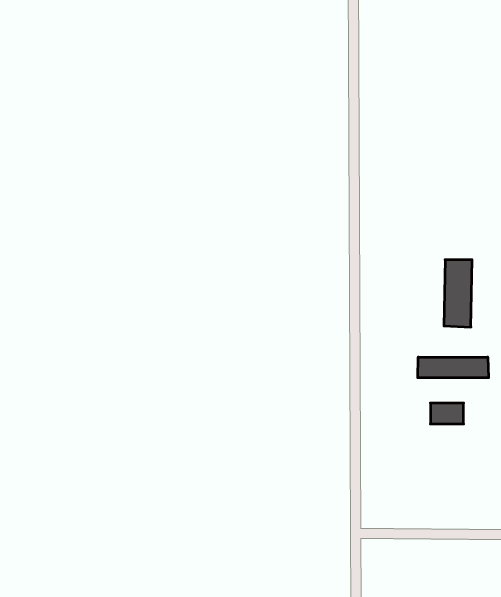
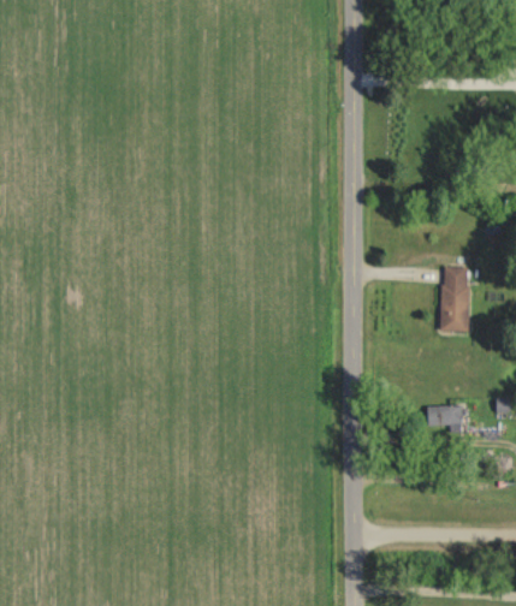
building: [418,357,489,378] -> none

